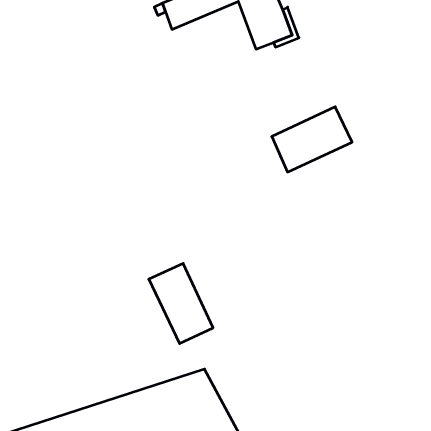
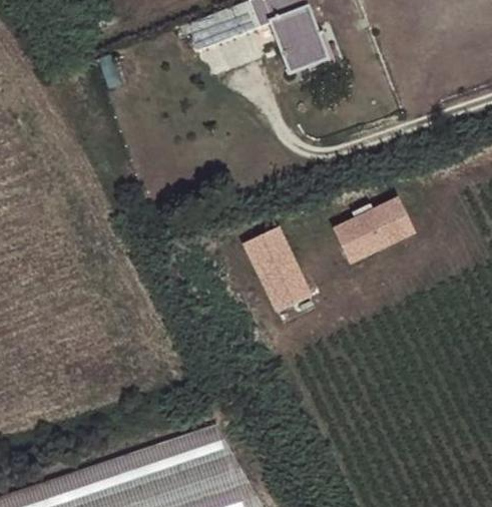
building: [272,107,352,172] -> [331,195,417,266]
building: [149,263,213,344] -> [239,226,309,313]

